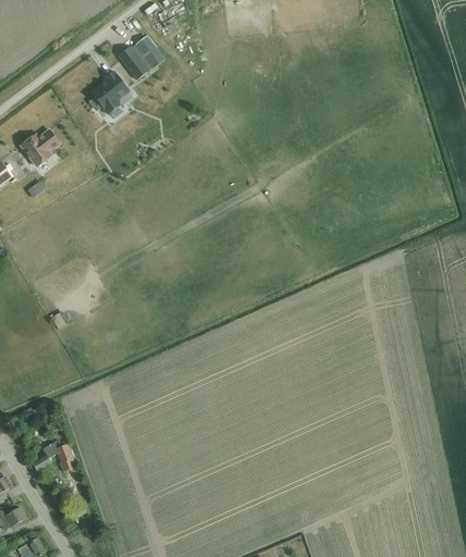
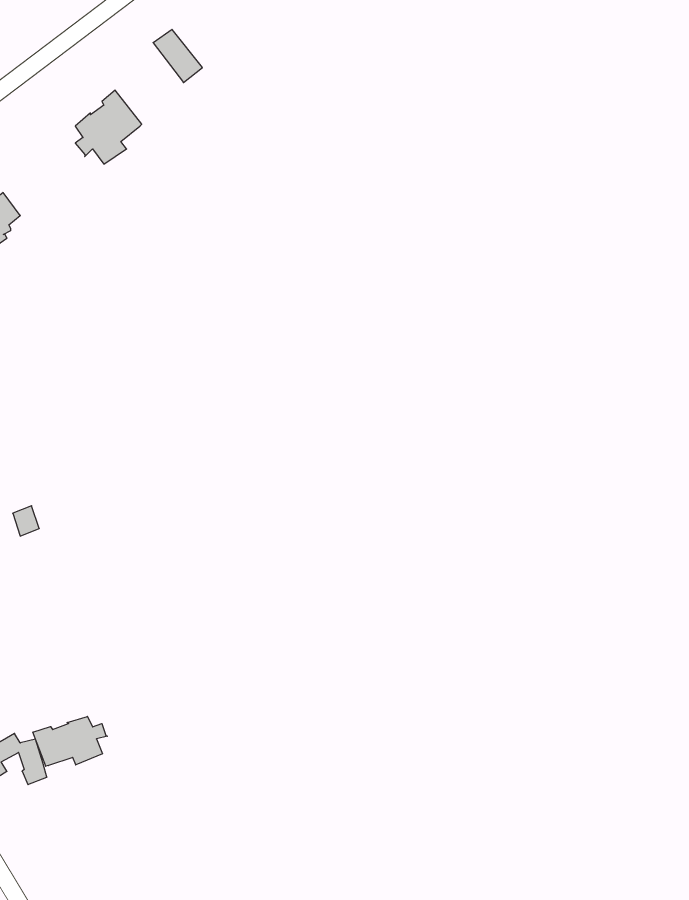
building: [119,46,149,79] -> none
building: none -> [33,716,107,766]

